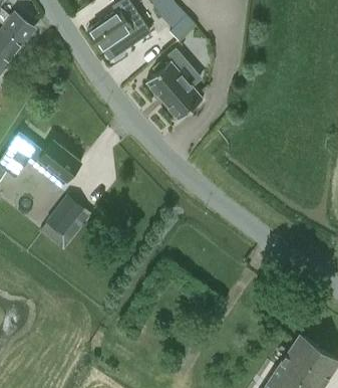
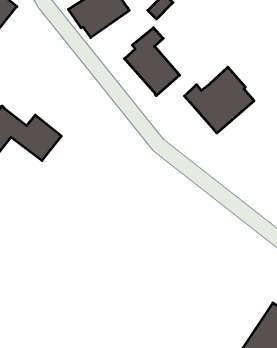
building: none -> [184,67,254,133]
building: [46,197,82,235] -> none

